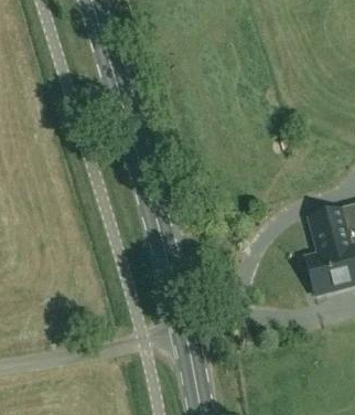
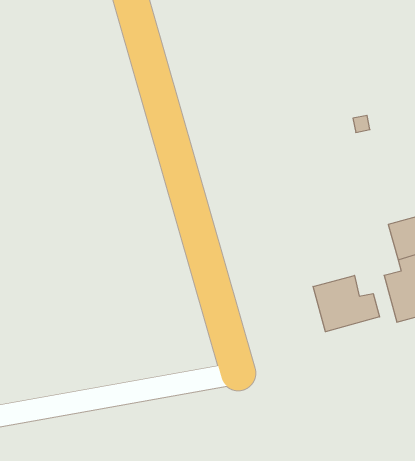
building: none -> [313,275,380,332]

